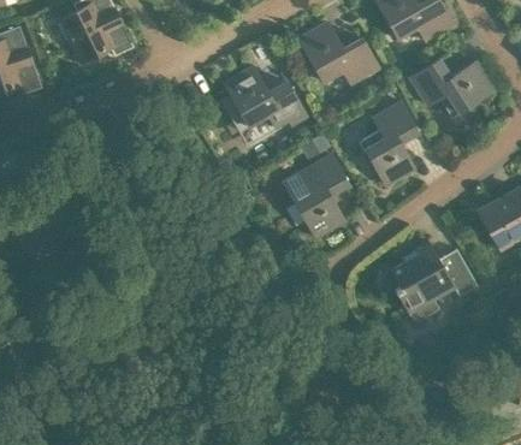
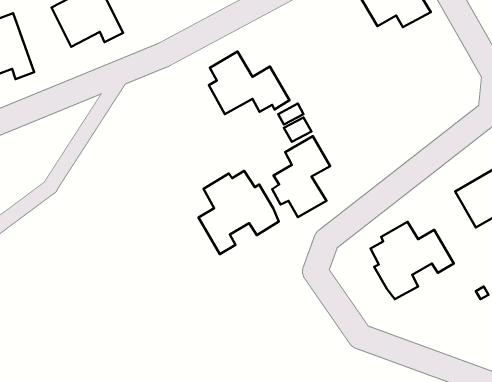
building: [298,22,379,83] -> none
building: [410,58,495,115] -> none
building: [361,101,419,184] -> none
building: none -> [199,171,279,254]

